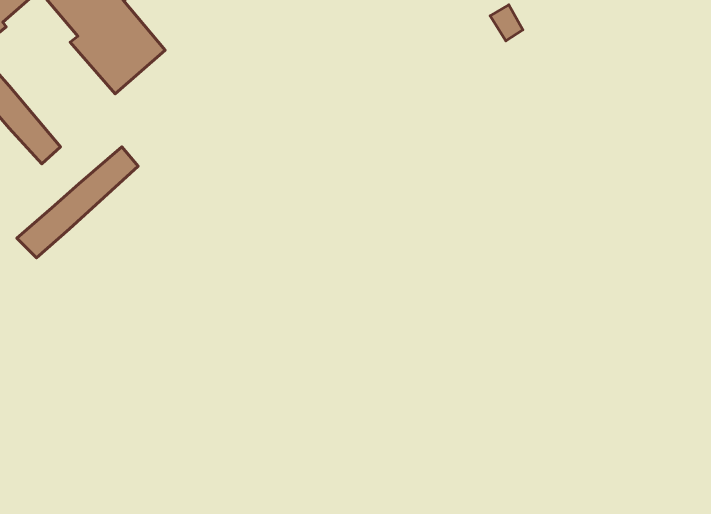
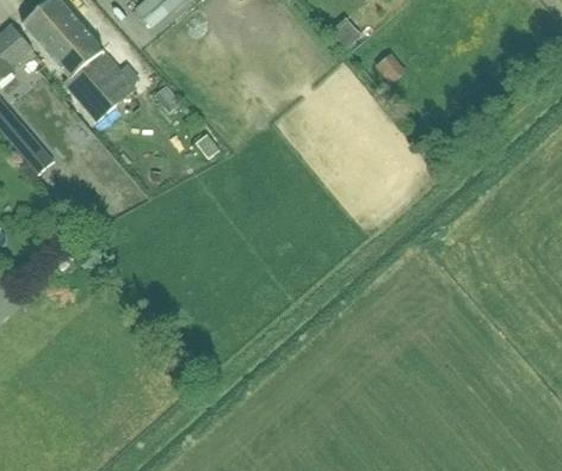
building: [17,147,138,258] -> none

